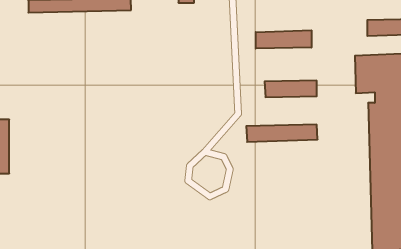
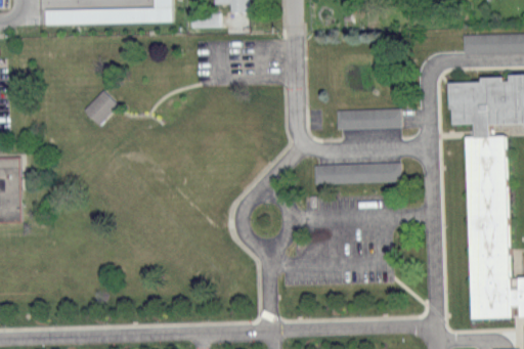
building: [256,30,311,49] -> none
building: none -> [83,90,118,125]

